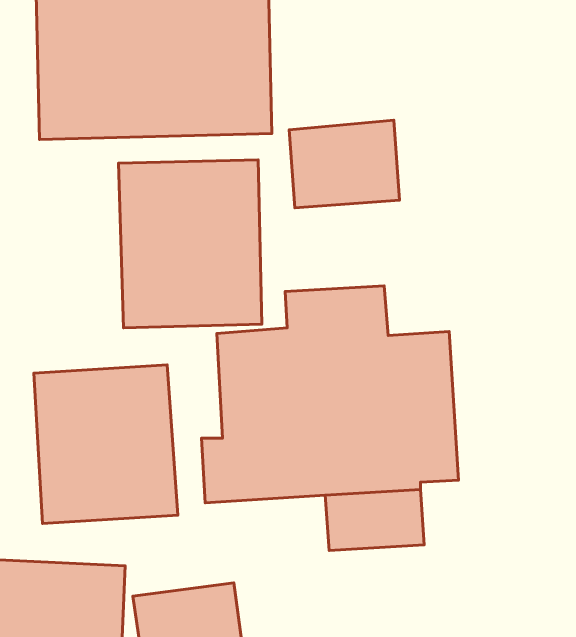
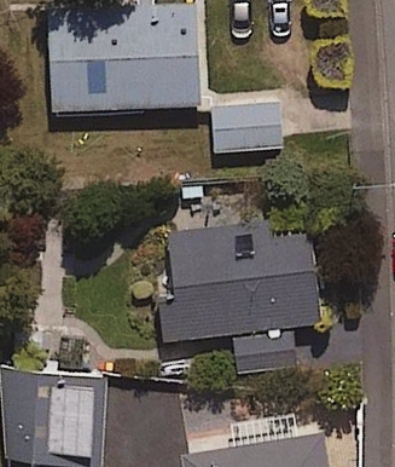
building: [118,160,262,328] -> none
building: [34,365,178,523] -> none

